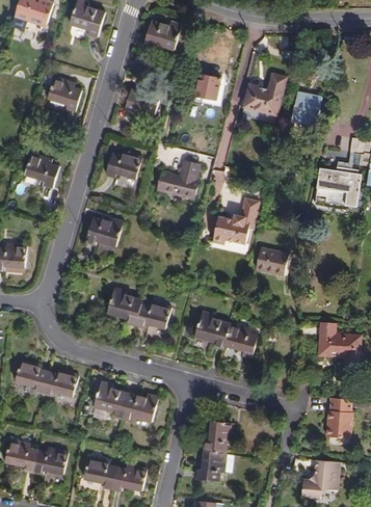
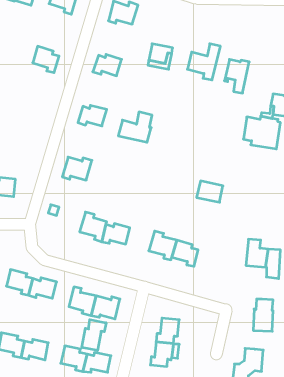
building: [25,155,58,188] -> none
building: [211,198,258,245] -> none
building: none -> [82,320,106,350]

